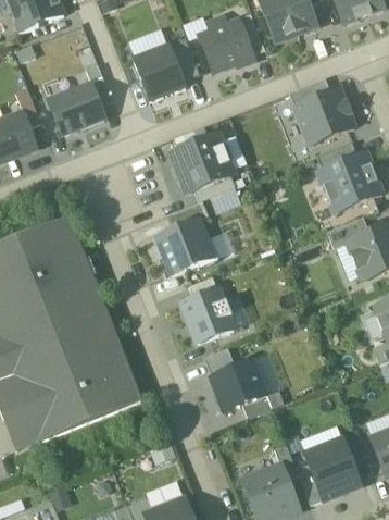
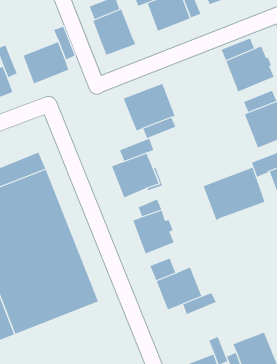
building: [168,37,199,79] -> none
building: none -> [203,167,265,221]

